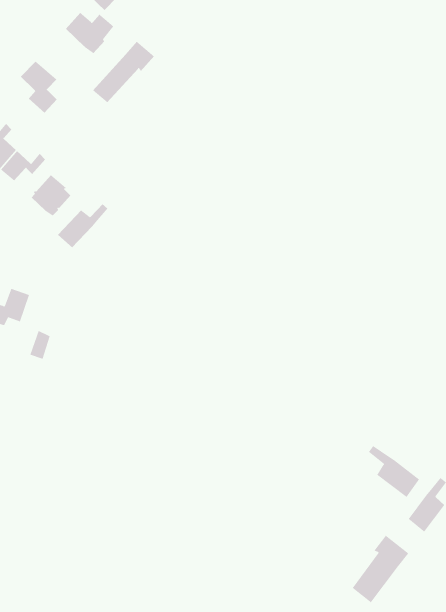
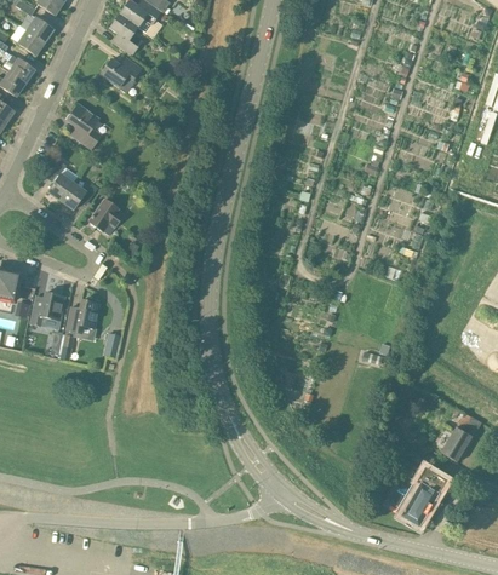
building: [92,41,155,103] -> none
building: [57,203,108,248] -> none
building: [368,445,420,498] -> none

